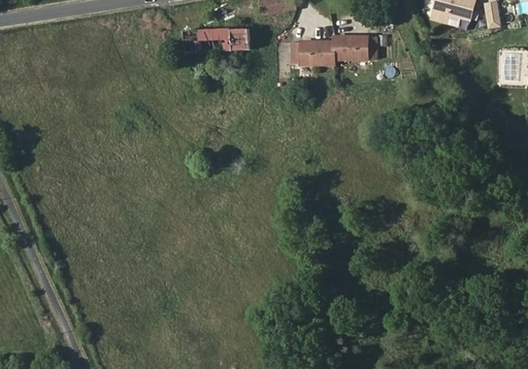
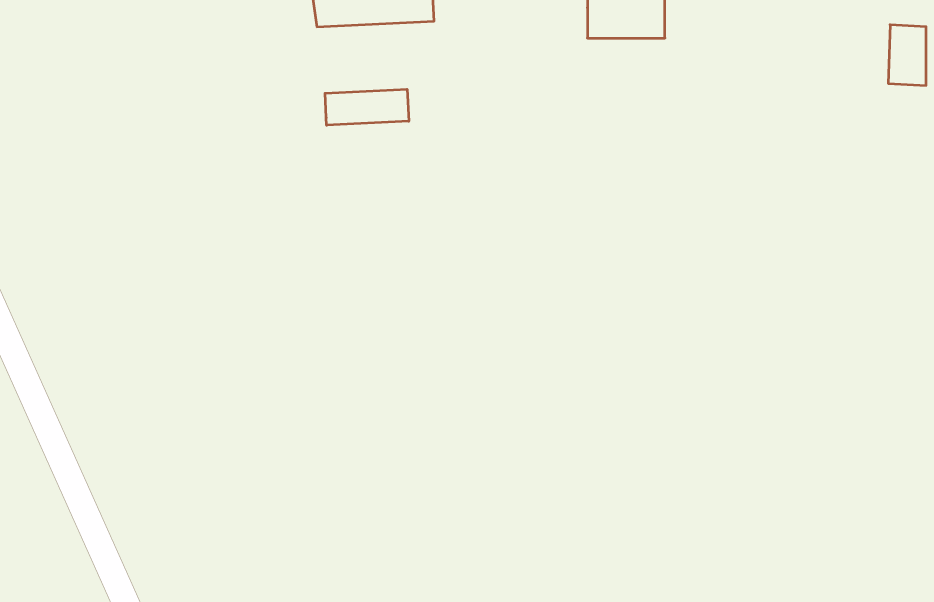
building: [293,41,334,63] -> none
building: none -> [325,89,409,125]

